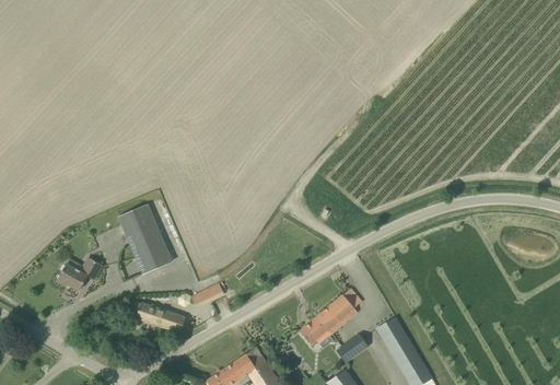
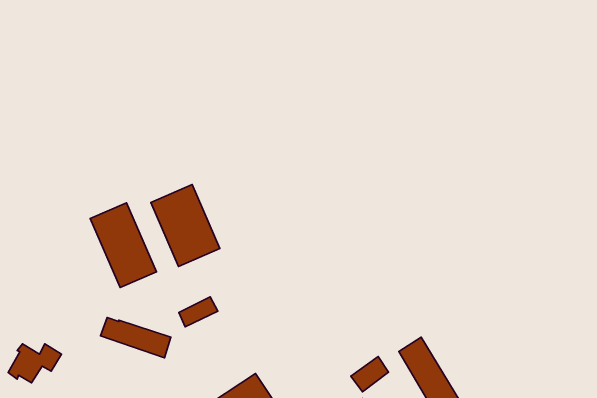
building: none -> [151,185,220,266]
building: [57,258,102,291] -> [8,344,62,383]
building: [299,289,361,346] -> none

